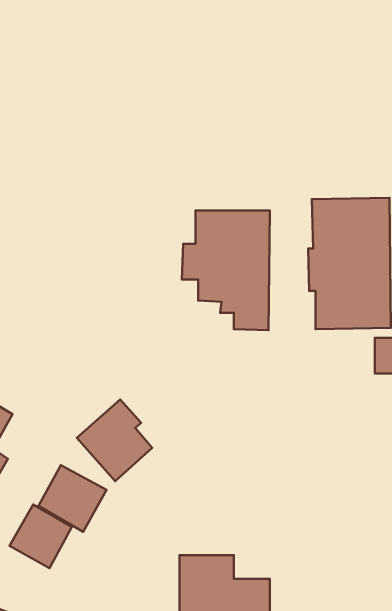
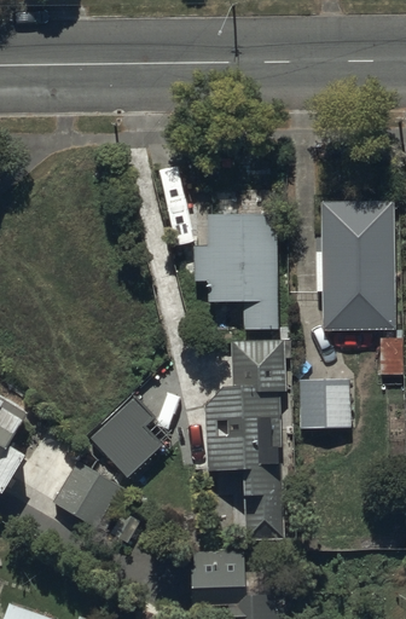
building: none -> [207,340,283,539]
building: none -> [298,380,349,427]
building: [9,505,72,568] -> none

